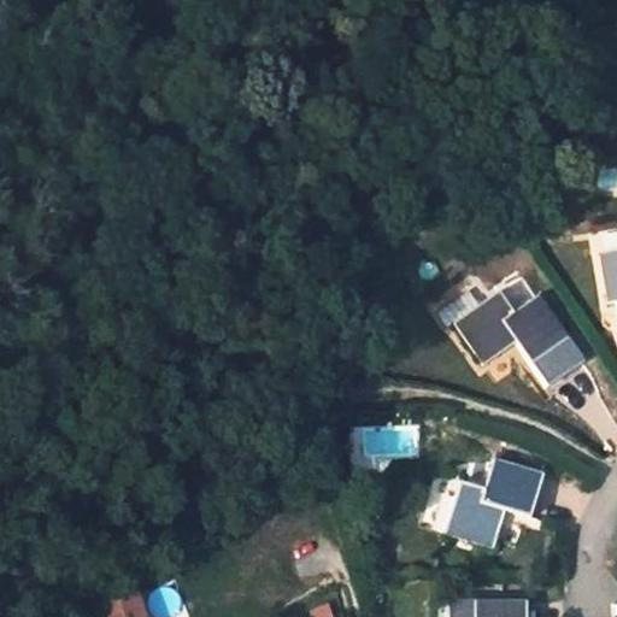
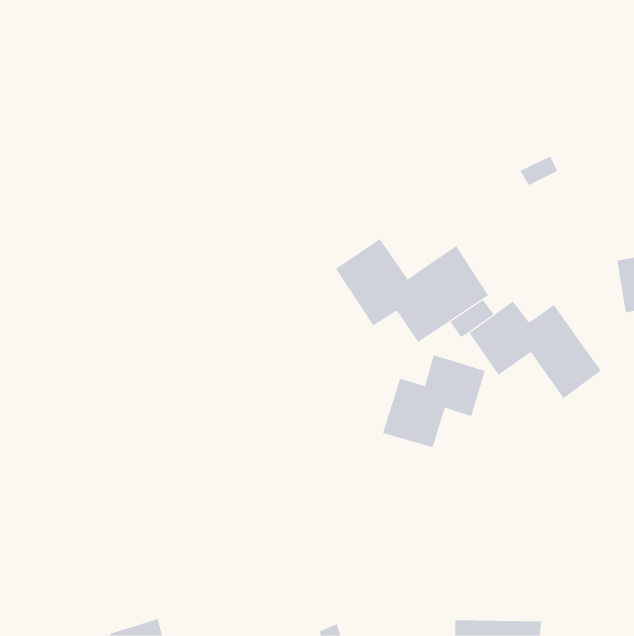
building: none -> [335,238,489,343]
building: [443,458,543,548] -> [382,354,485,448]

